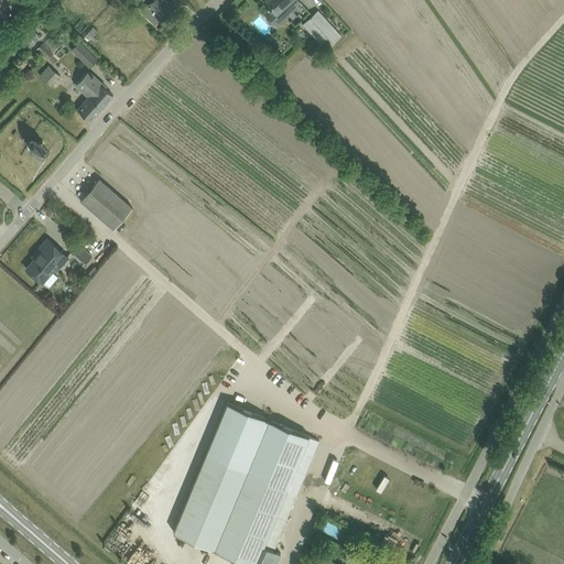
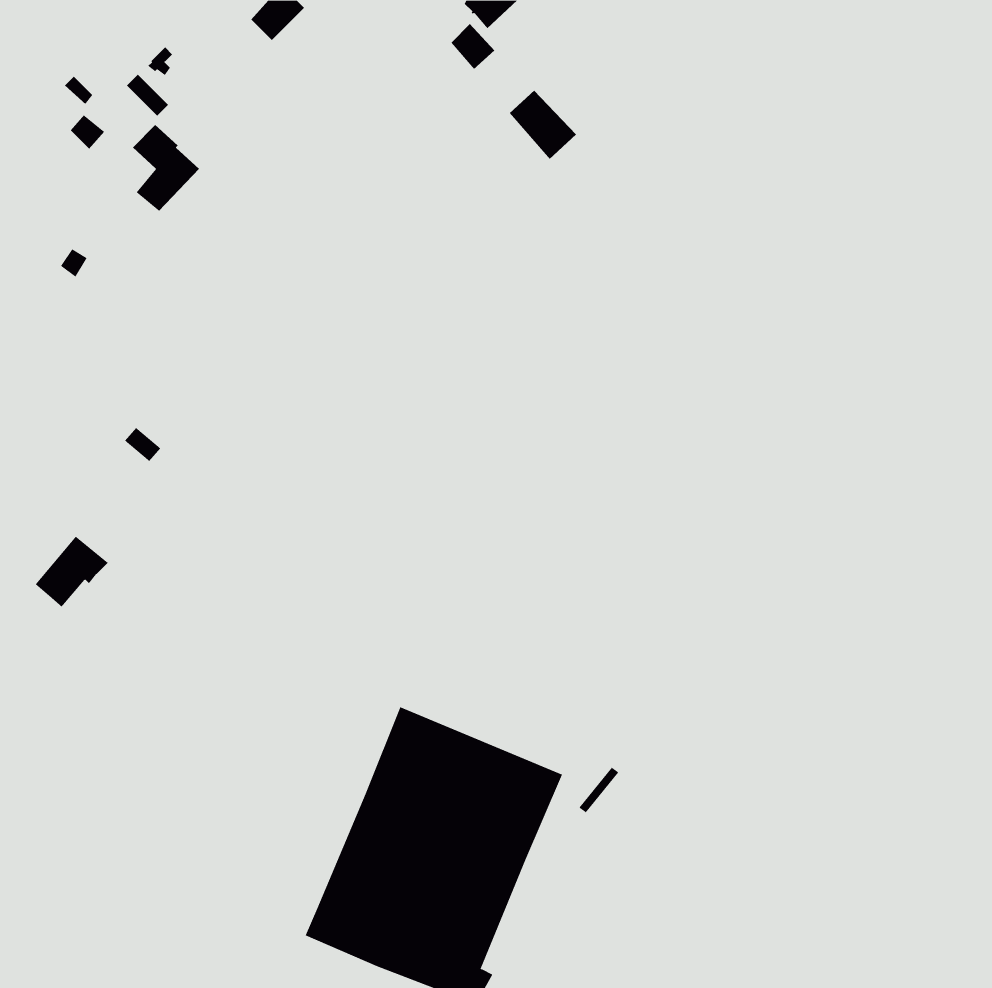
building: [303,12,341,52] -> [509,90,577,160]
building: [80,181,131,229] -> none
building: [26,243,68,284] -> [35,536,109,607]

